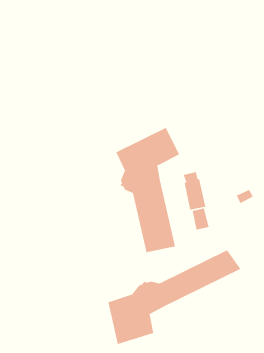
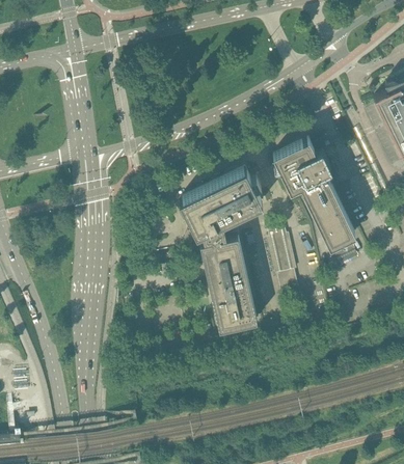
building: none -> [273,141,356,250]
building: [108,249,241,345] -> none

